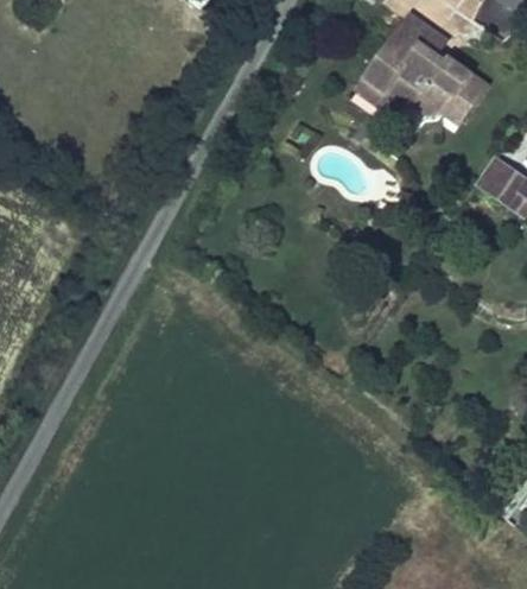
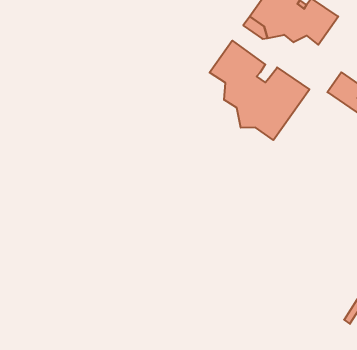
building: none -> [210,41,309,140]

